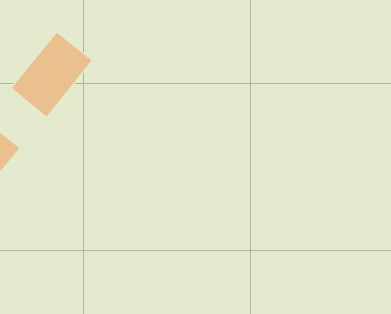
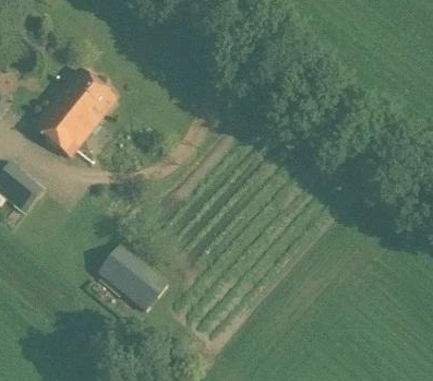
building: none -> [96,243,168,311]

